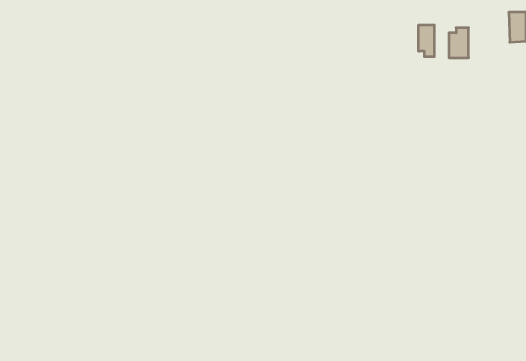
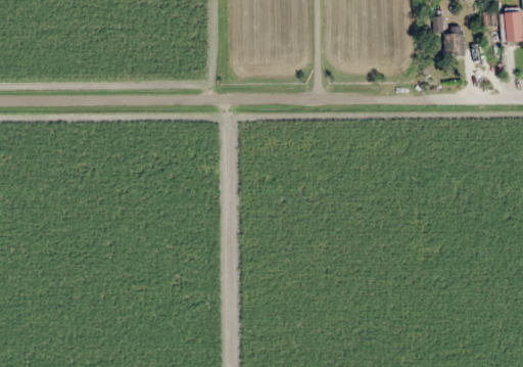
building: [419,25,434,57] -> none

